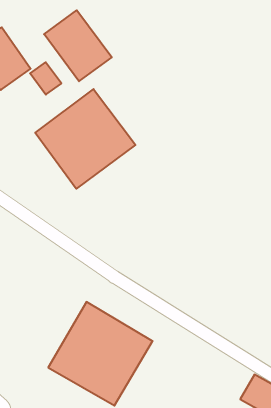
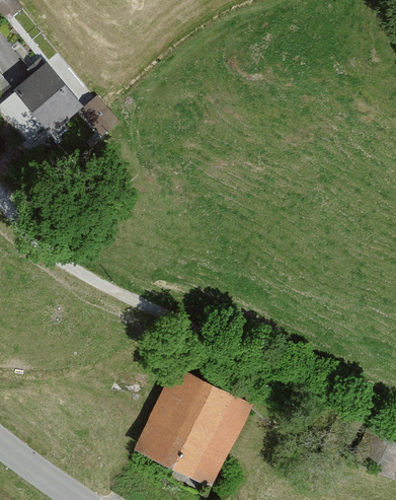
building: [44,10,112,81] -> none
building: [35,89,135,189] -> none

